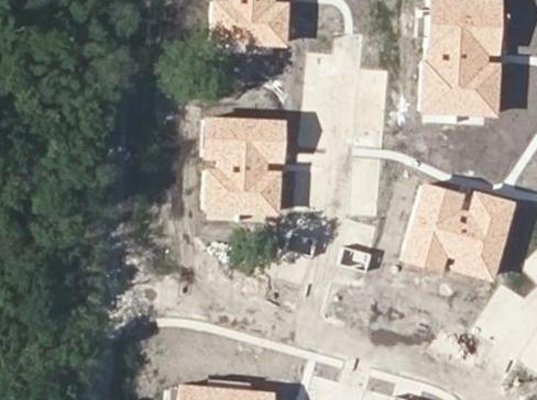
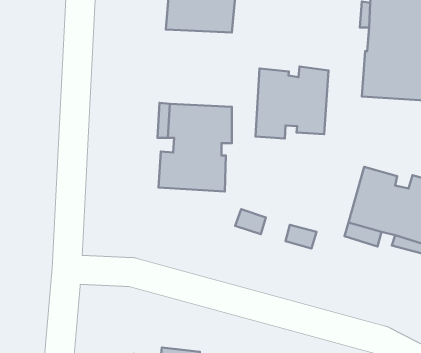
building: none -> [255,66,329,138]

